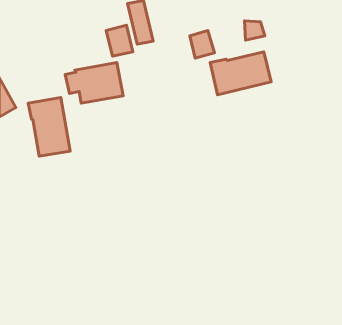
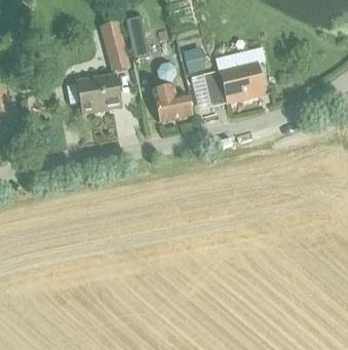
building: none -> [153,62,193,120]
building: [28,97,70,156] -> none

